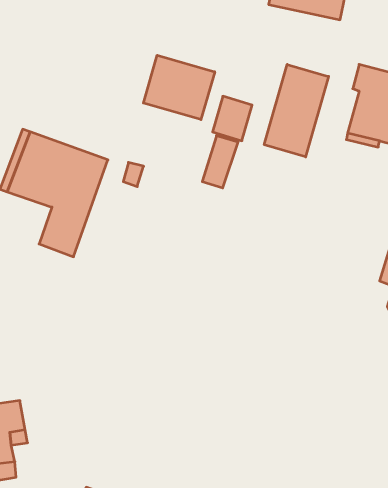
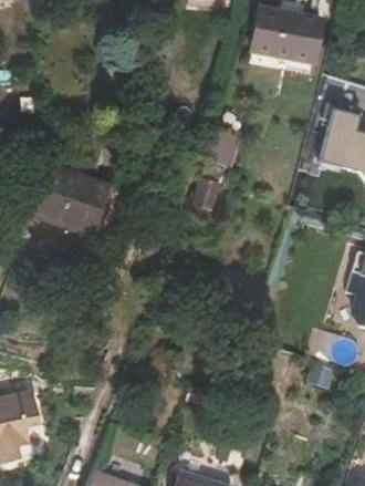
building: [143,55,215,120] -> none
building: [264,64,329,157] -> none

